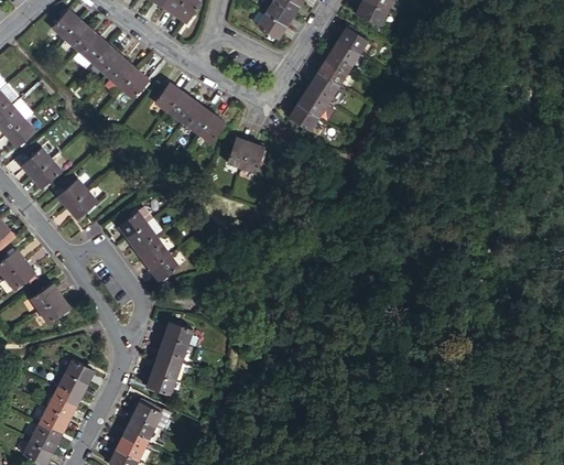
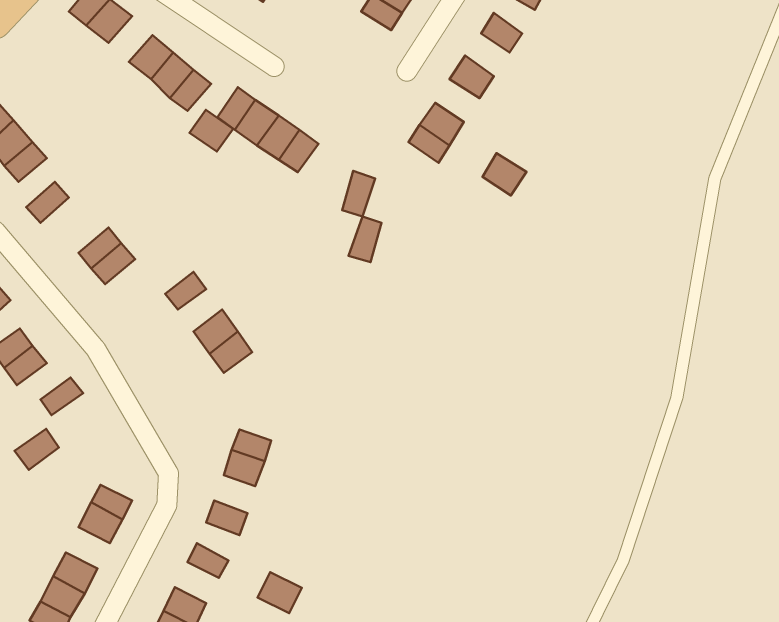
building: [78,32,109,64] -> none
building: [327,44,358,74] -> none
building: [306,76,337,106] -> [482,153,527,196]
building: none -> [189,110,233,152]
building: [226,136,249,167] -> [348,216,382,262]
building: [31,159,62,188] -> none
building: [127,223,158,252] -> none
building: [39,295,69,324] -> [15,429,59,470]
building: [152,353,181,379] -> none
building: [48,389,79,418] -> none
building: [124,413,155,442] -> [258,572,302,613]

